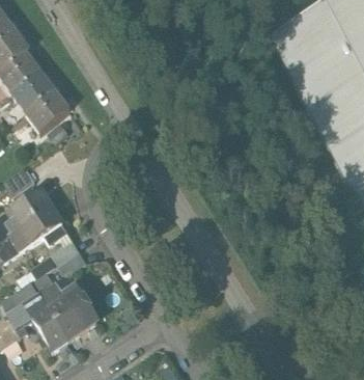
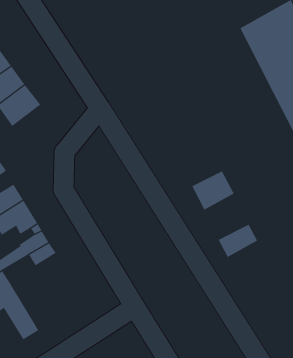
building: none -> [192,170,234,211]
building: none -> [218,224,258,258]
building: [40,282,101,341] -> none

